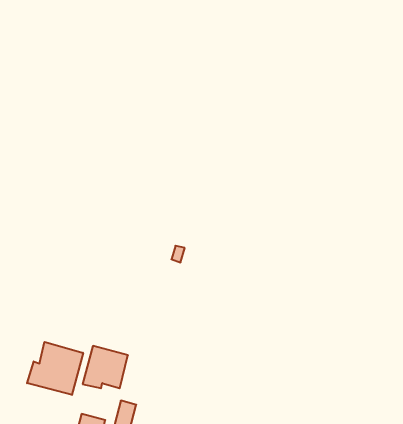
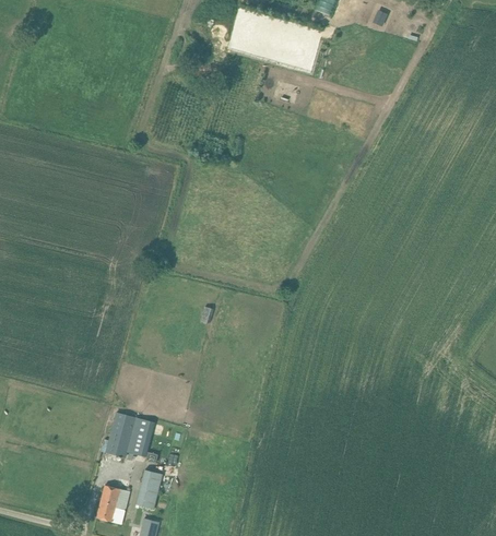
building: [27,342,83,395] -> none

